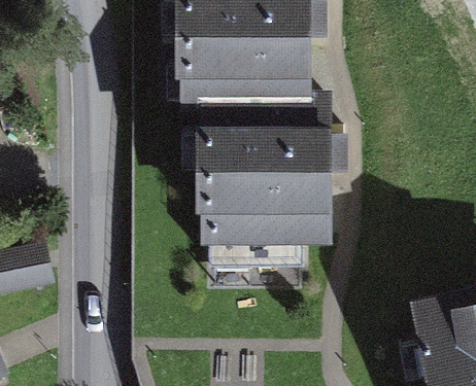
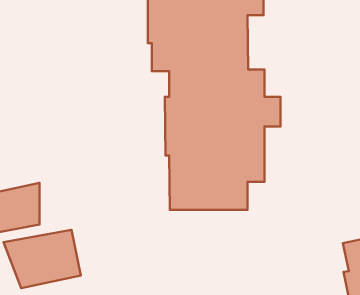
building: none -> [4,230,81,288]

